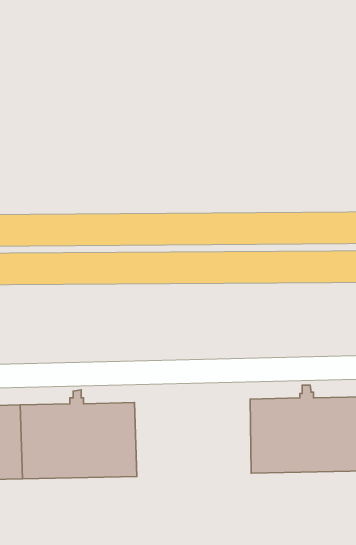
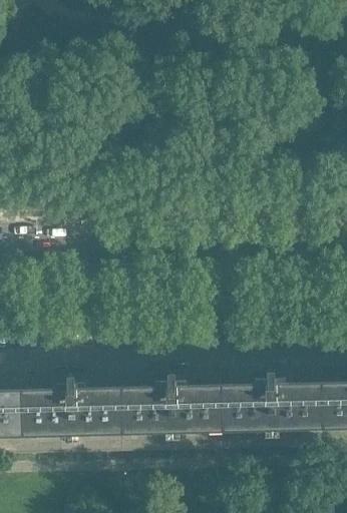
building: none -> [120,362,222,439]

